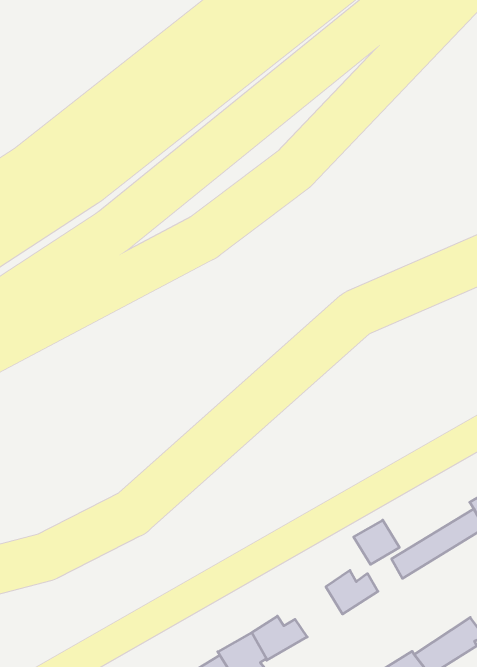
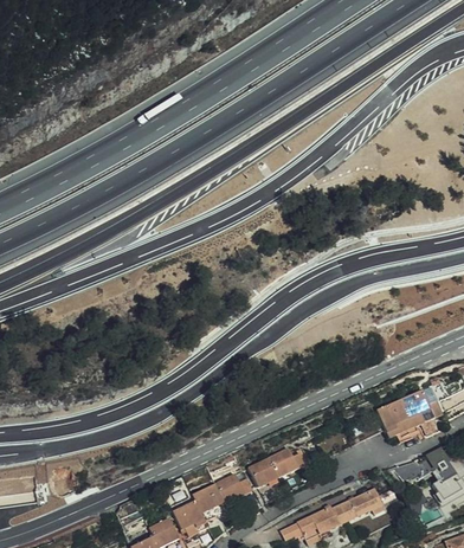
building: [354,520,399,564] -> [252,457,283,486]

